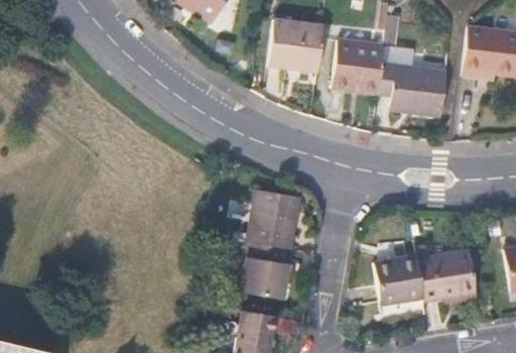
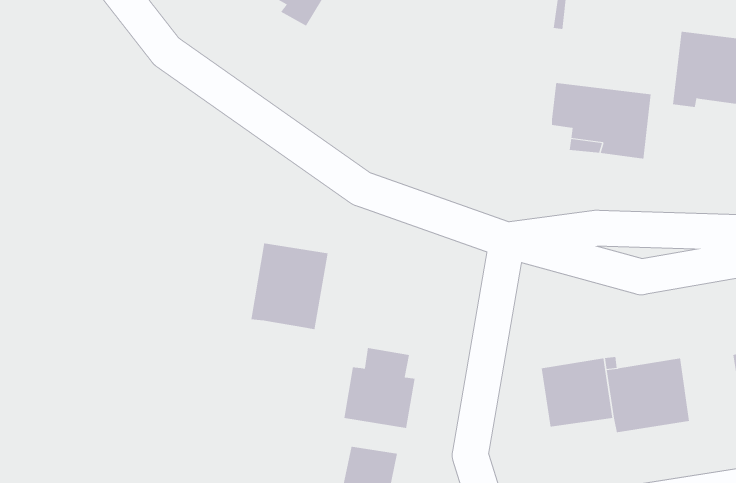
building: [269,19,325,73] -> none
building: [334,38,386,90] -> none
building: [245,191,298,250] -> [250,243,328,330]

